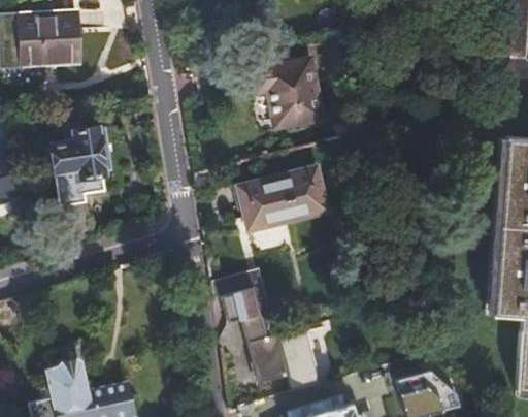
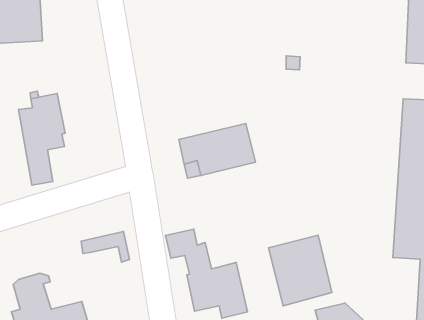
building: [252,58,325,129] -> none
building: [212,270,269,307] -> [81,231,130,262]
building: none -> [268,235,332,306]

